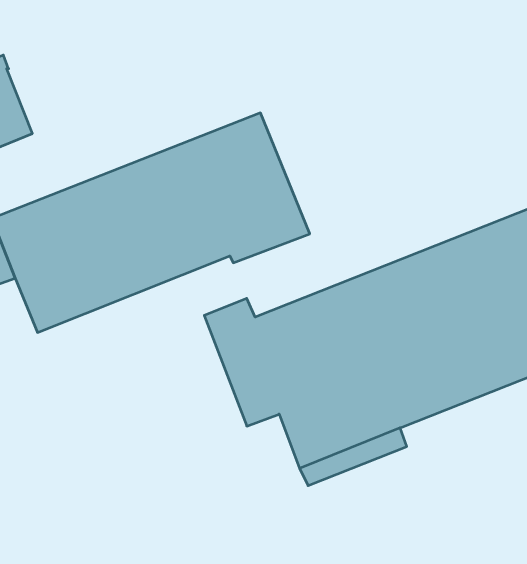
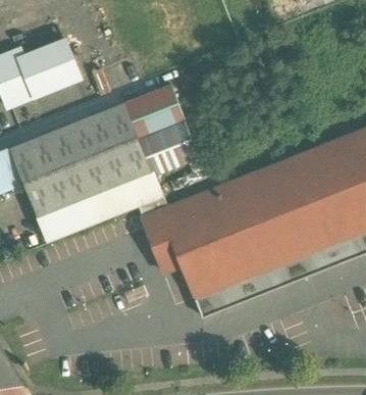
building: none -> [18,40,80,97]
building: none -> [37,170,162,242]

